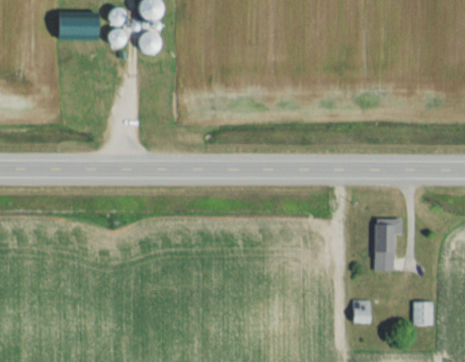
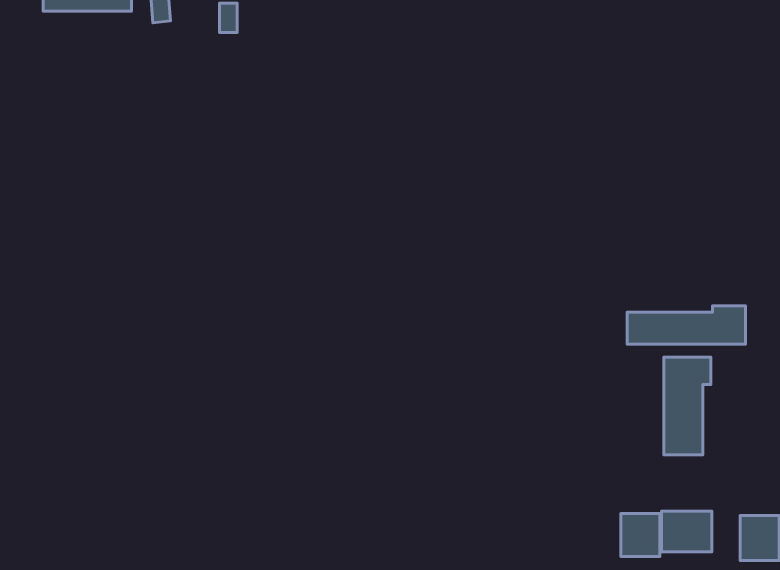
building: none -> [627,306,746,344]
building: none -> [661,511,712,552]

